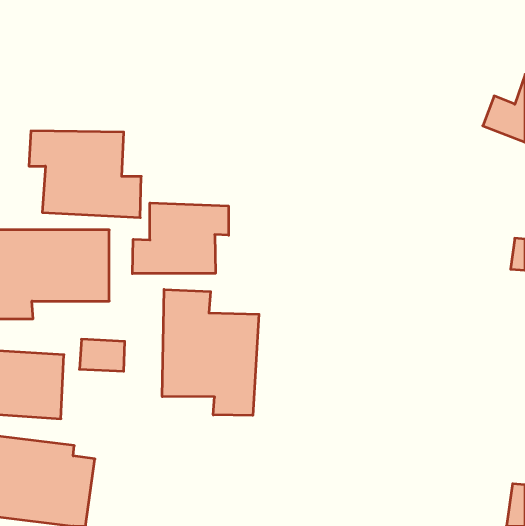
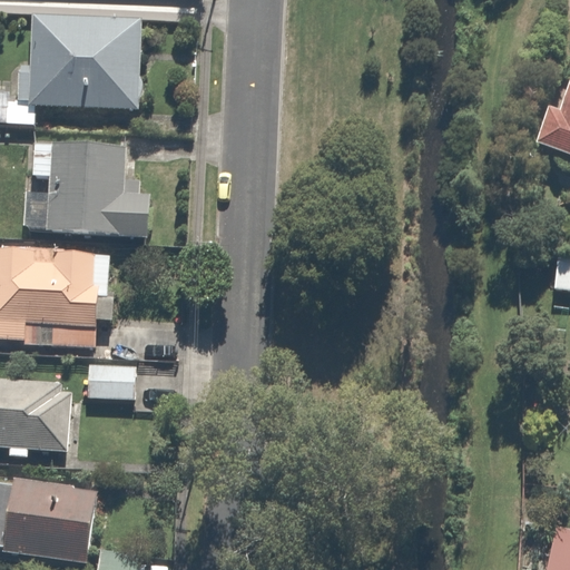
building: none -> [23,13,145,109]
building: [132,203,229,274] -> none
building: [162,289,259,415] -> none

